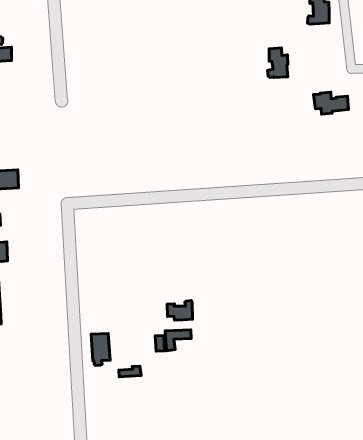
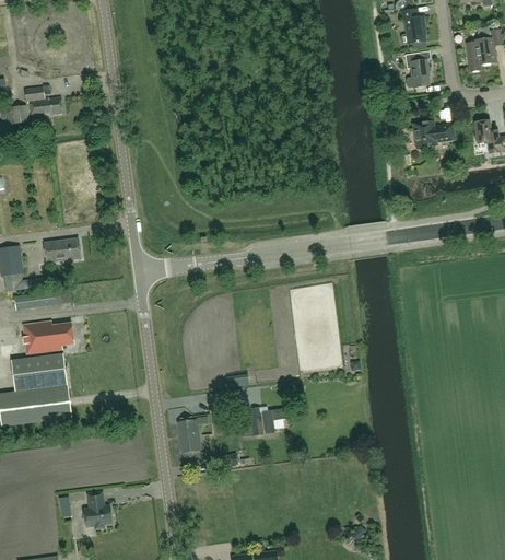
building: [267,48,288,78] -> [406,52,430,88]
building: [167,300,192,320] -> none
building: none -> [83,492,110,528]

